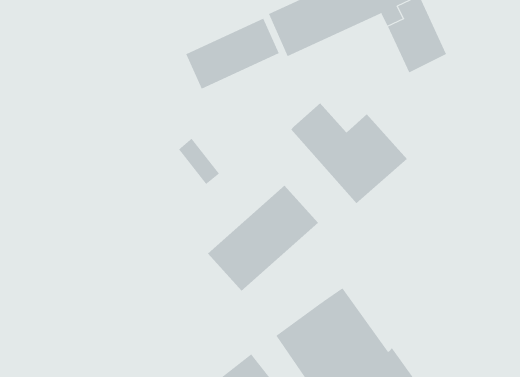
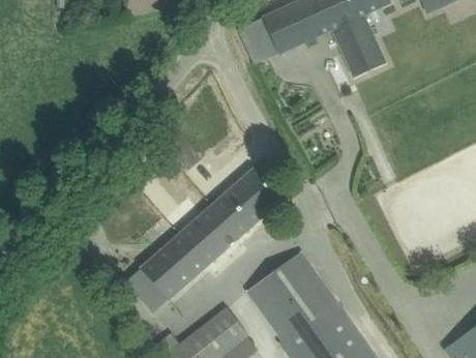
building: [185,18,280,90] -> none
building: [290,103,408,204] -> none
building: none -> [125,225,216,312]

